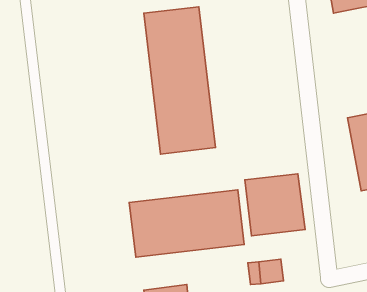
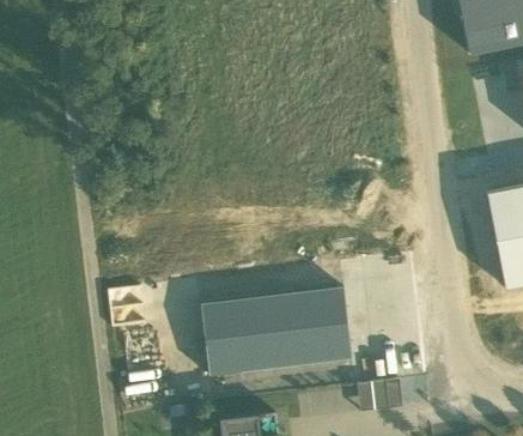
building: [144,7,216,154] -> none
building: [245,174,305,236] -> none

